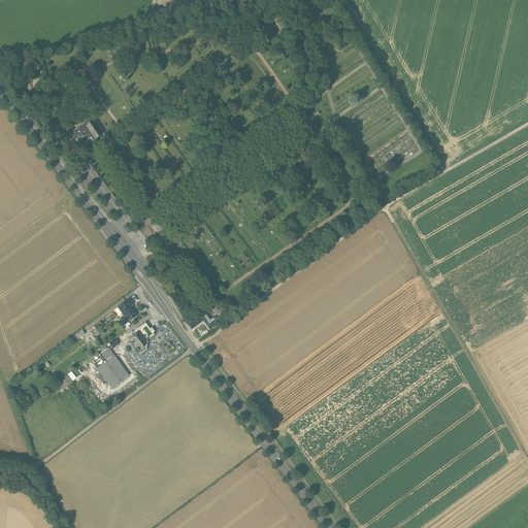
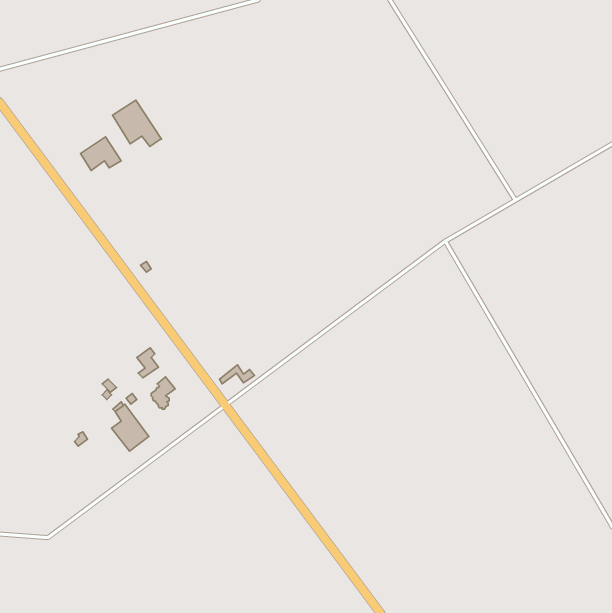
building: none -> [113,100,161,147]

